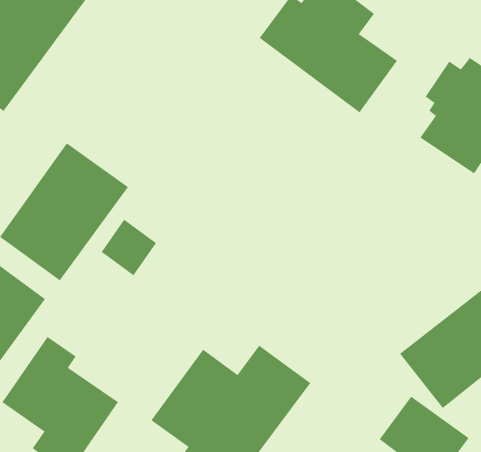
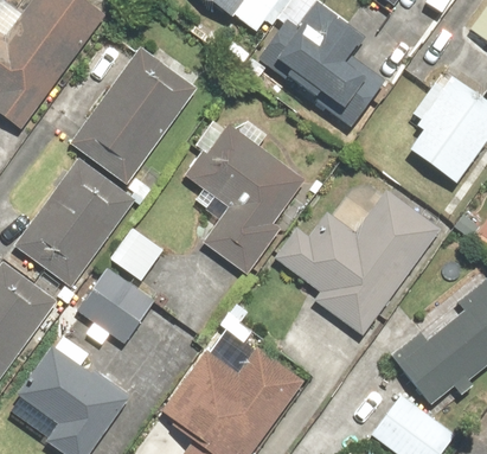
building: none -> [71,45,196,185]
building: none -> [182,123,306,274]
building: none -> [274,190,441,337]
building: none -> [82,269,154,341]

